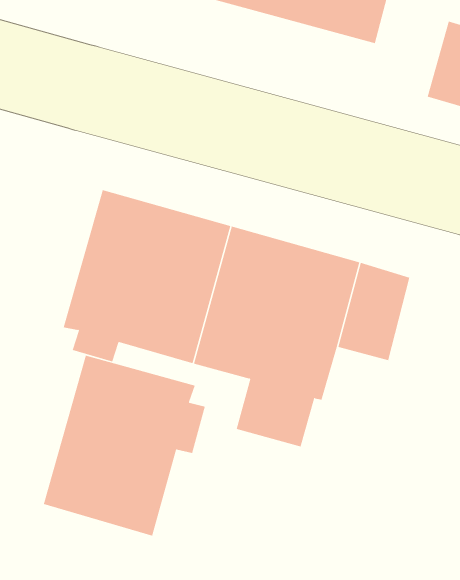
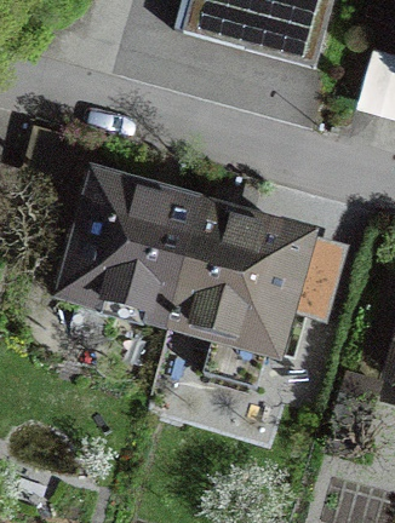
building: [43,355,205,536] -> none

